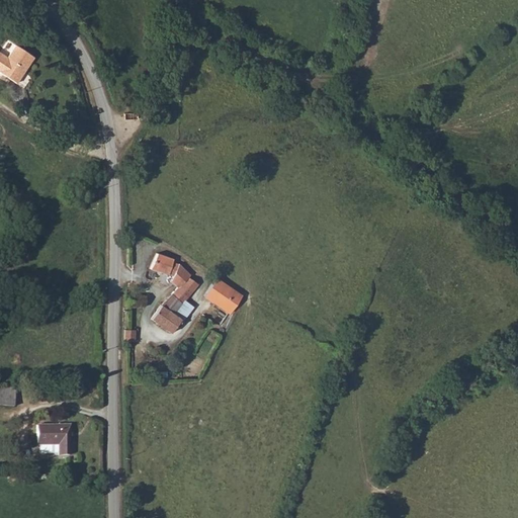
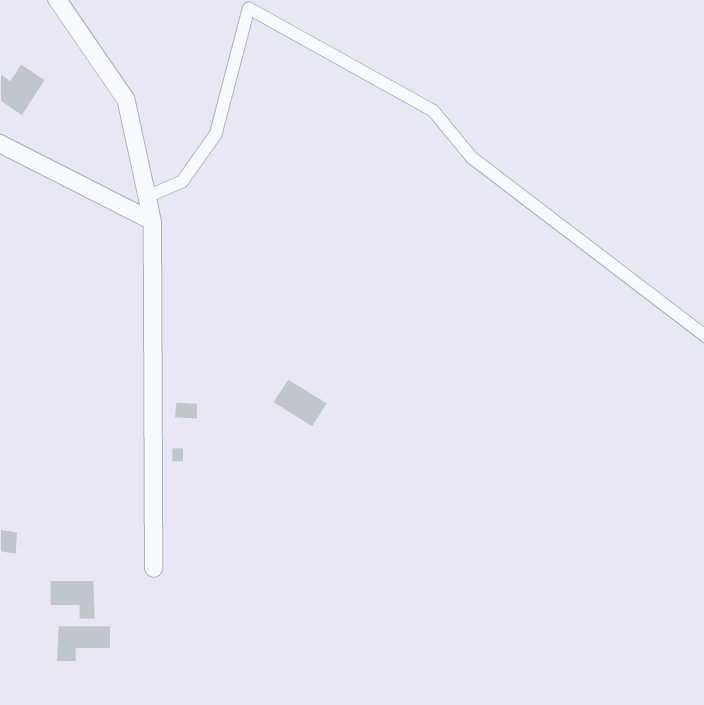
building: [152,254,197,333] -> none
building: none -> [57,625,110,662]

